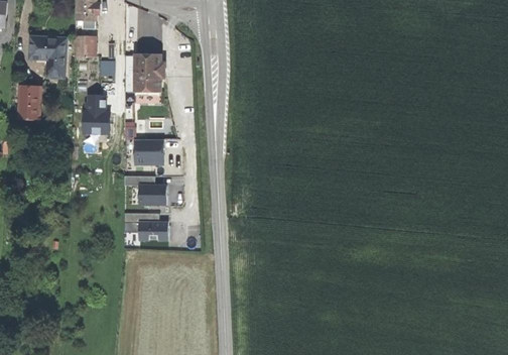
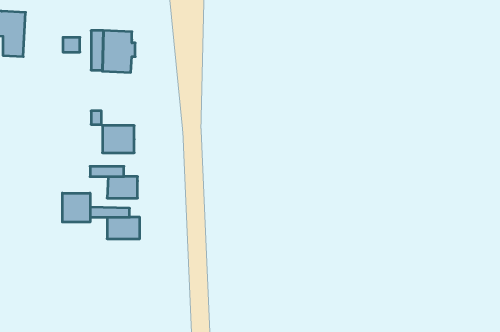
building: [75,35,95,56] -> none
building: [84,95,111,133] -> none
building: none -> [62,193,90,222]

